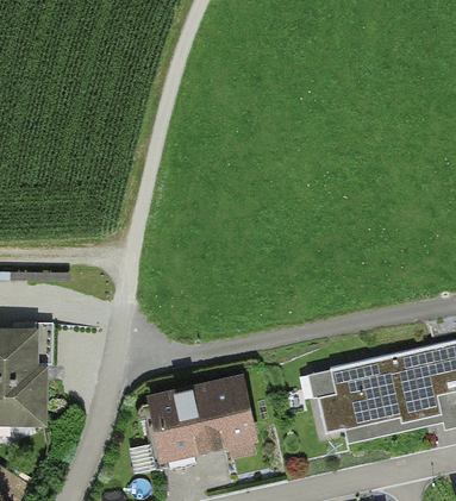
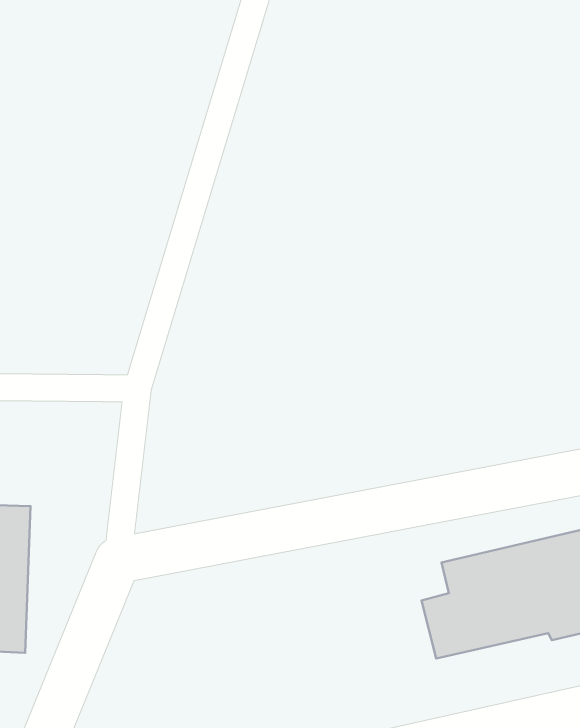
building: [144,380,248,455] -> none

